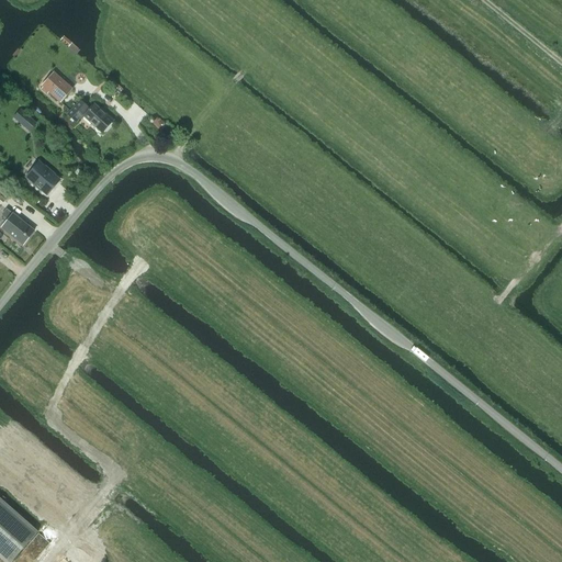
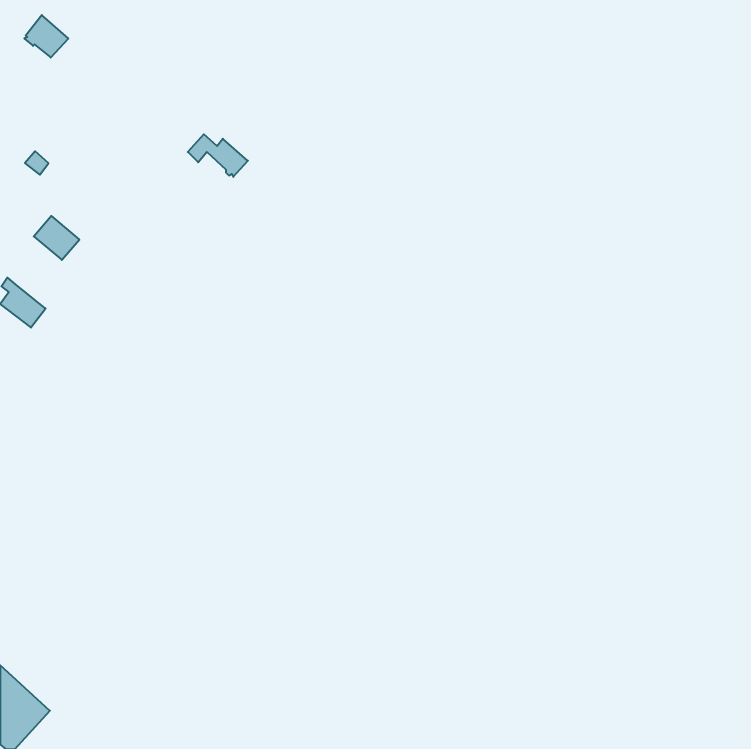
building: [40,70,72,102] -> [24,15,68,58]
building: [67,101,112,133] -> [188,134,248,177]

